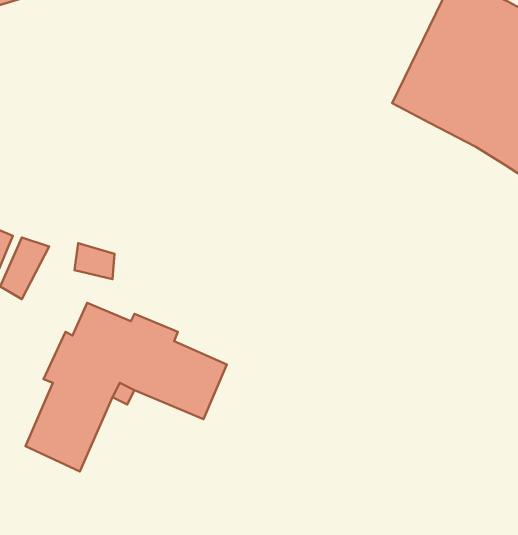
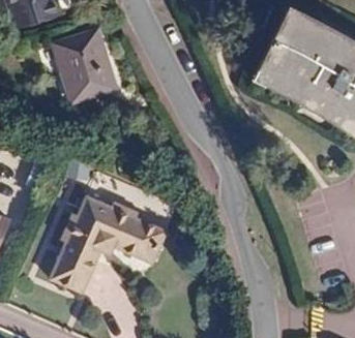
building: none -> [53,30,115,103]

